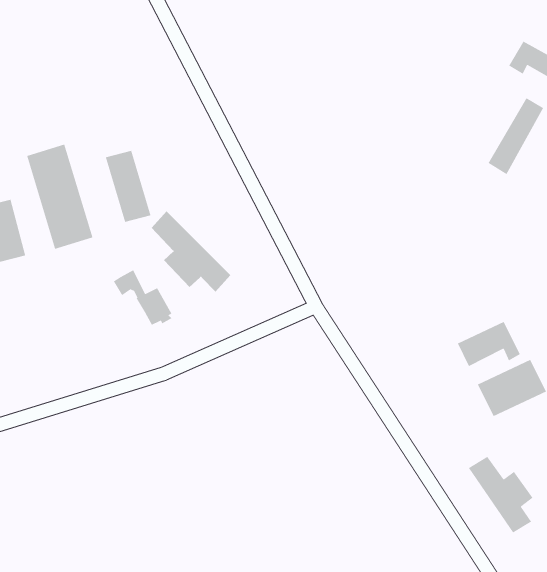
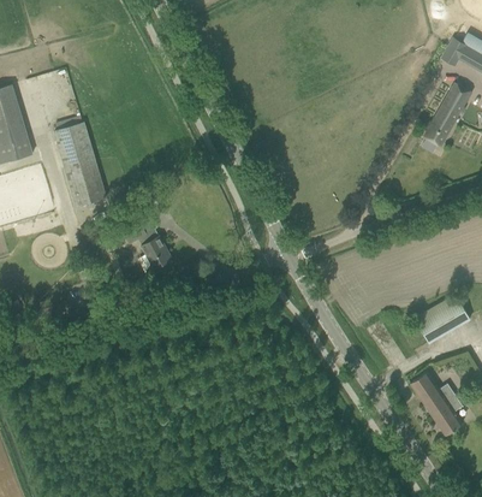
building: [105,150,152,223] -> none
building: [151,210,231,293] -> none
building: [457,321,521,367] -> none

